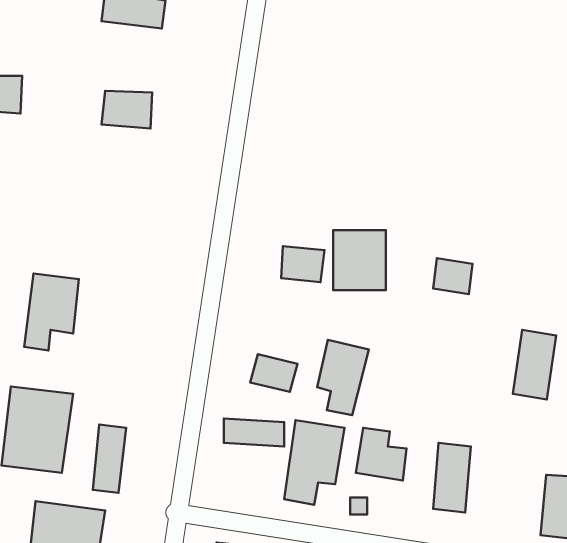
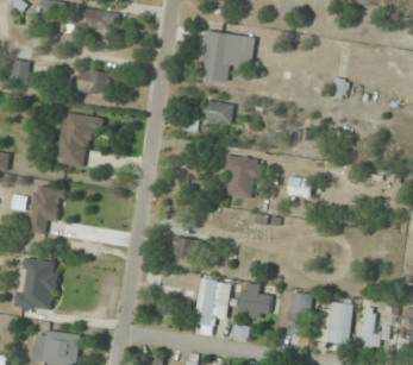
building: none -> [198,31,255,82]
building: none -> [56,112,102,166]
building: [281,246,324,282] -> [206,101,233,124]
building: [513,330,556,400] -> [326,302,353,346]
building: [317,340,369,415] -> none
building: [93,425,126,493] -> none

